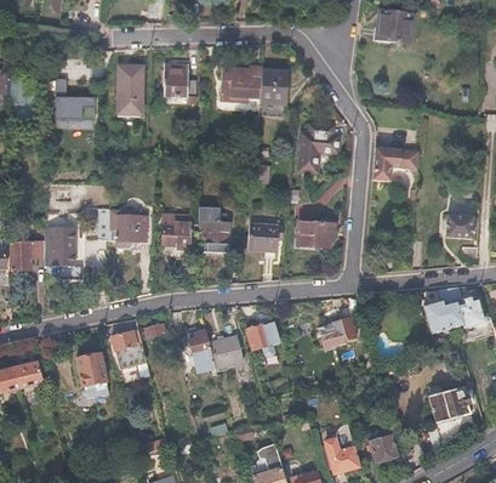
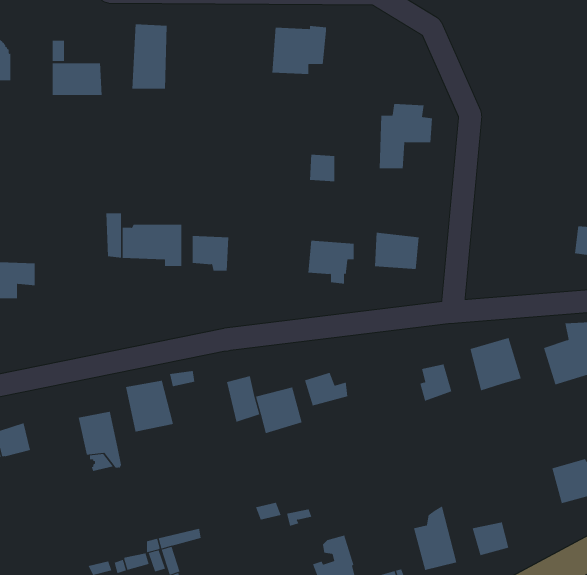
building: [164,63,195,95] -> none
building: [258,69,287,117] -> none
building: [371,146,418,187] -> none
building: [196,218,228,244] -> none
building: [45,226,82,279] -> none
building: none -> [470,337,522,391]

